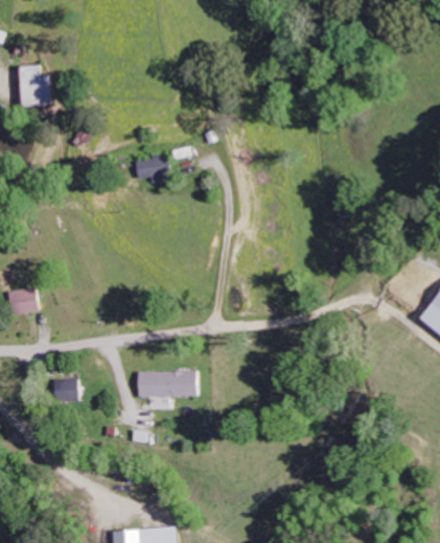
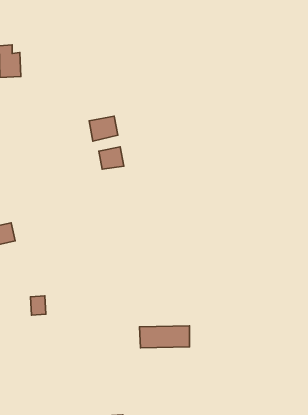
building: none -> [99,147,124,169]
building: [135,370,197,398] -> [140,326,190,348]

